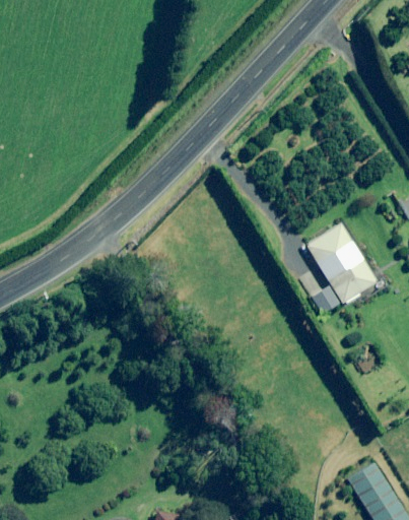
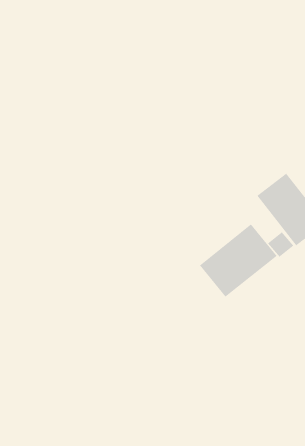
building: none -> [199,224,277,298]

